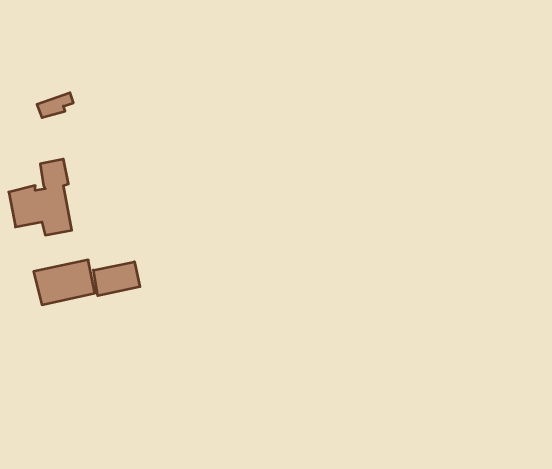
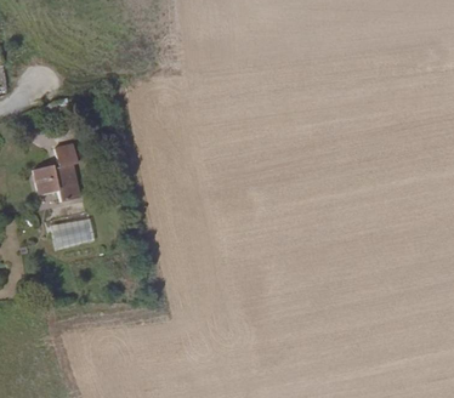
building: [93,262,140,296] -> none

